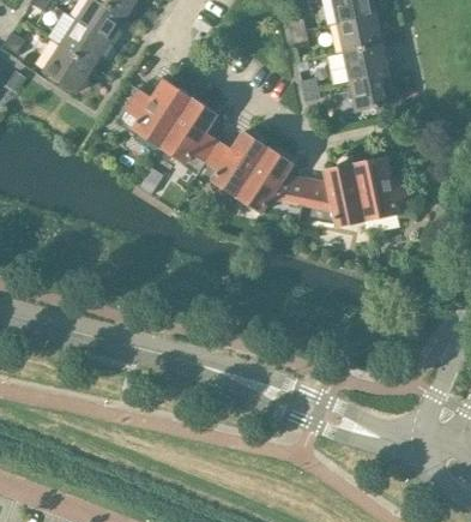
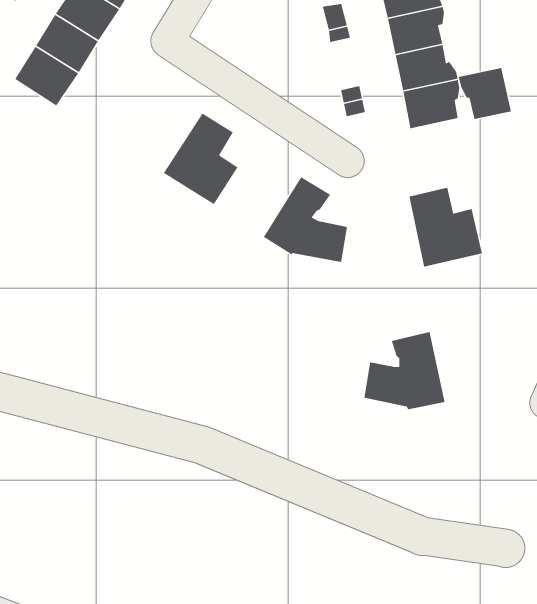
building: none -> [458,67,512,120]
building: [119,80,191,146] -> none
building: [200,131,268,197] -> none
building: [301,164,366,227] -> [364,331,445,410]

